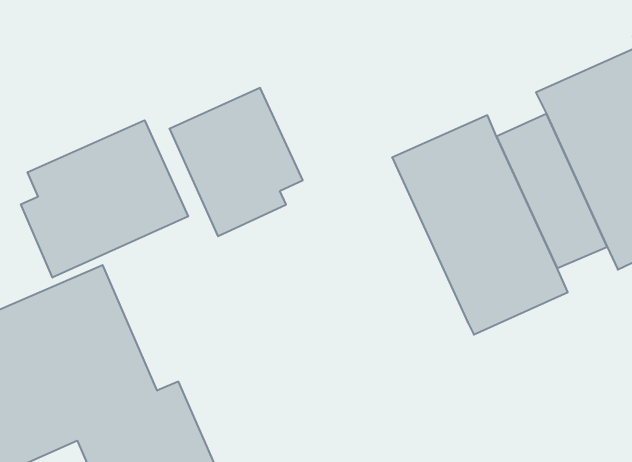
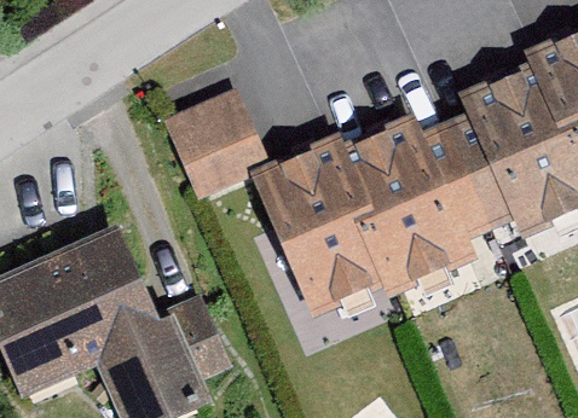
building: [21,120,188,278] -> none
building: none -> [258,130,408,313]

